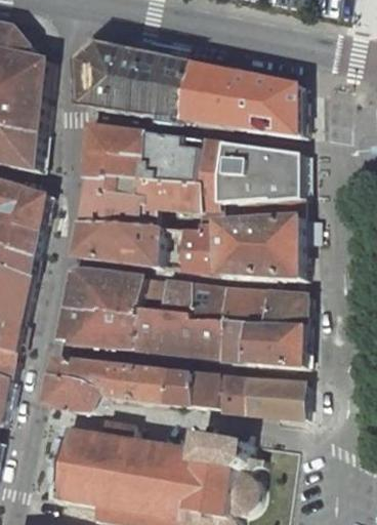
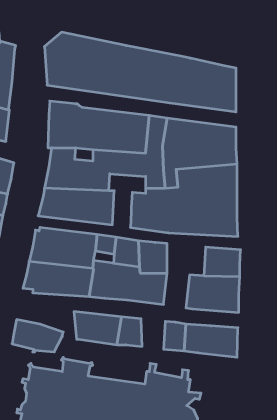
building: [216,286,264,360] -> none
building: [48,357,117,396] -> none
building: [191,373,218,407] -> none

